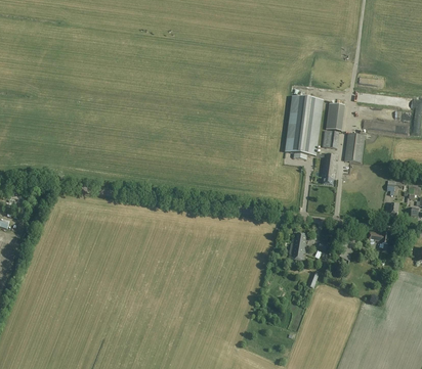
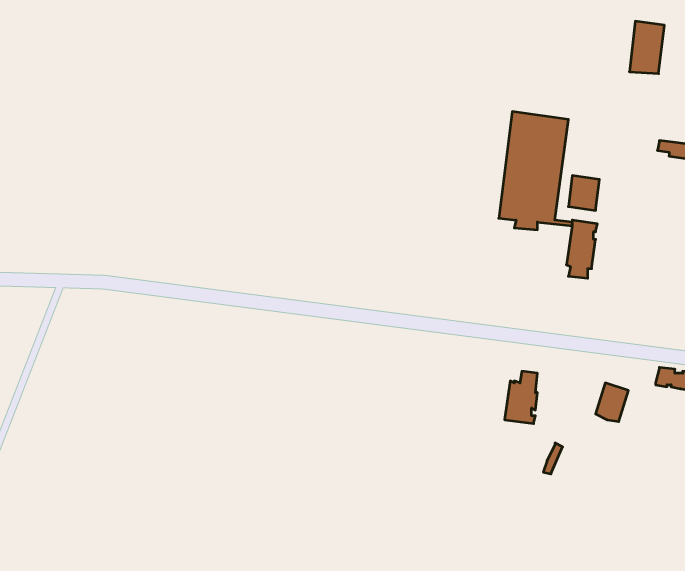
building: [326,101,344,129] -> [629,21,664,74]
building: [344,131,366,162] -> none

